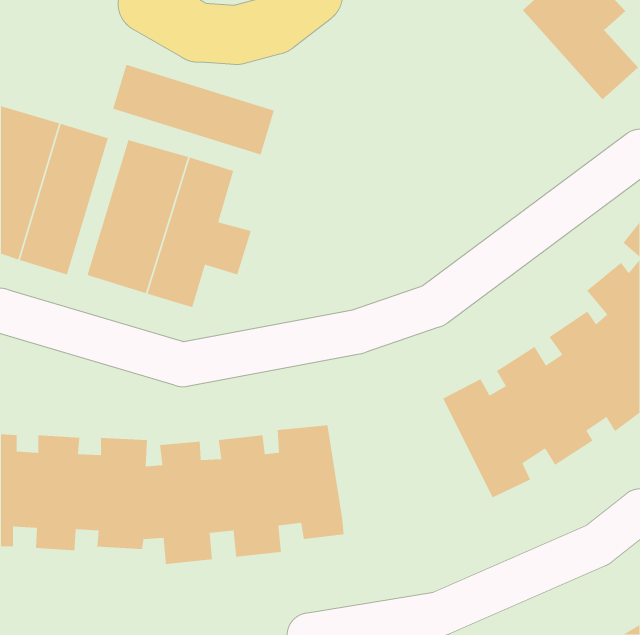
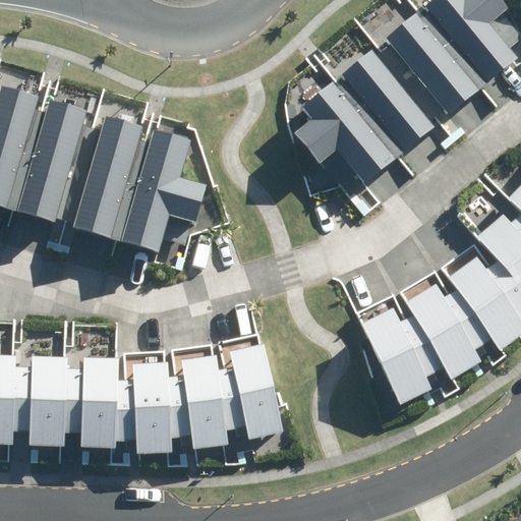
building: none -> [385,13,480,115]
building: none -> [341,49,438,151]
building: [112,64,275,155] -> none
building: none -> [291,80,397,181]

